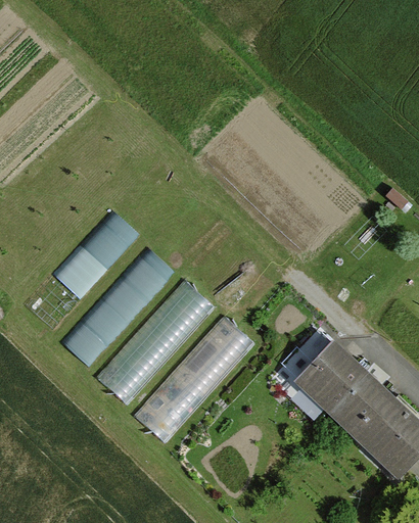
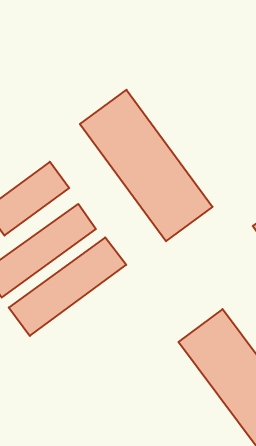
building: none -> [80,90,213,241]
building: [136,316,258,440] -> none

